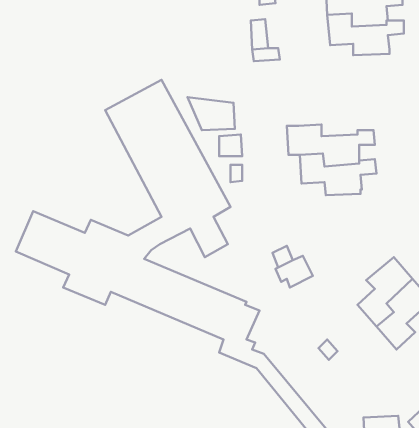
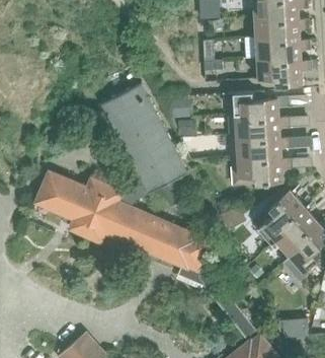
building: none -> [258,57,312,87]
building: none -> [234,91,289,122]
building: none -> [231,154,292,186]
building: none -> [258,191,303,244]

